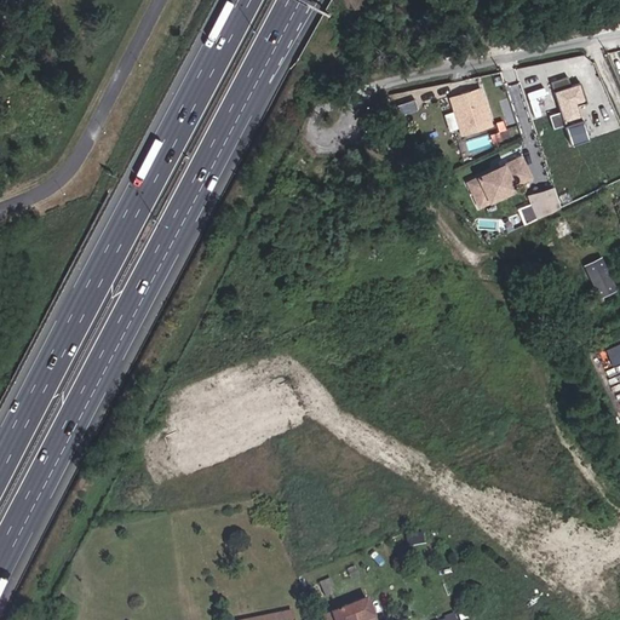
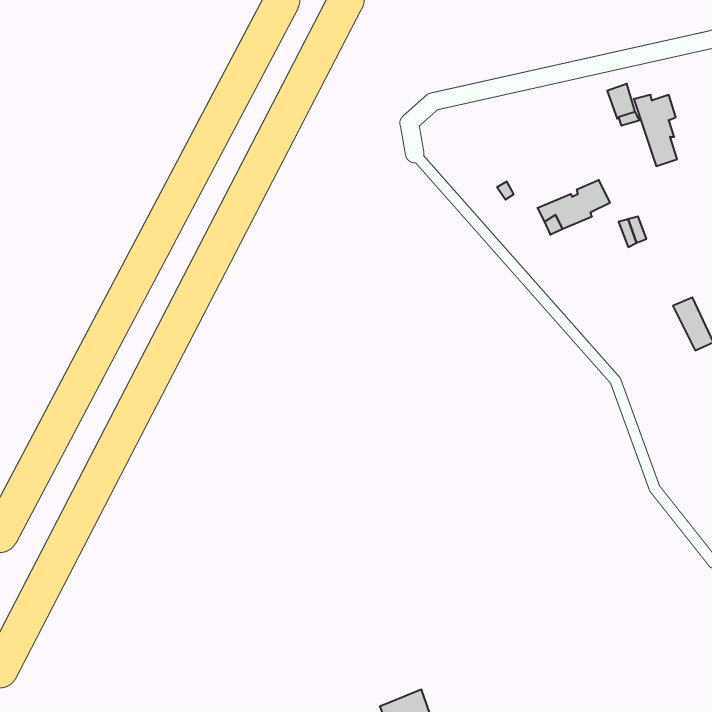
building: [450,90,490,134] -> none

